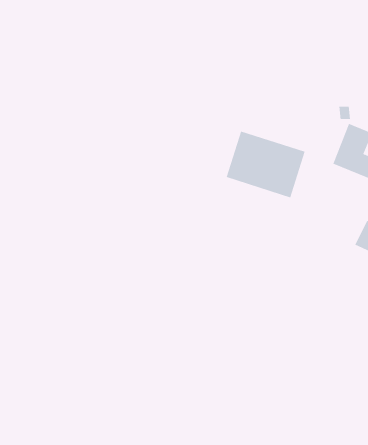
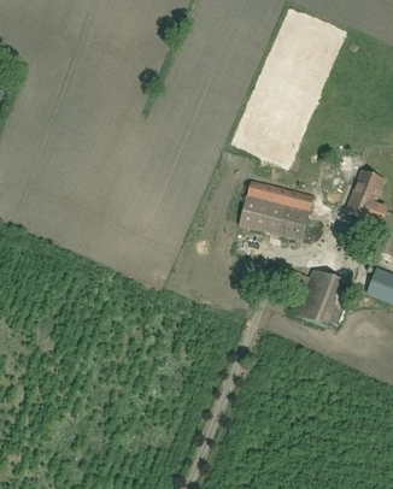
building: none -> [298,273,346,325]

